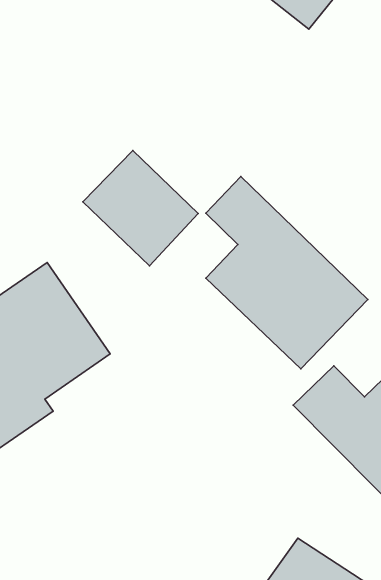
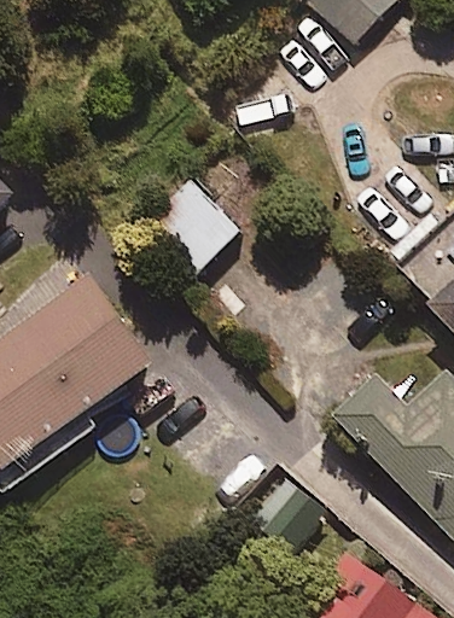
building: [206,176,368,369] -> none

